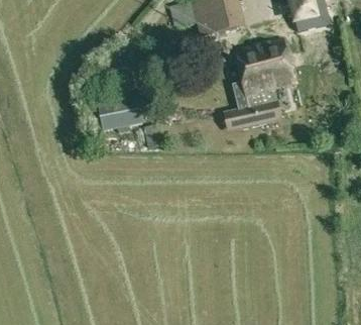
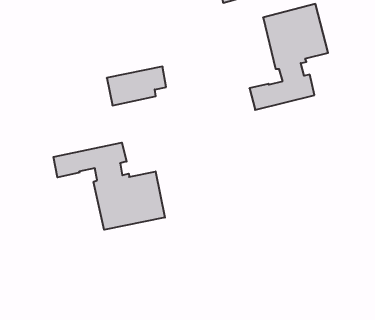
building: none -> [53,143,165,230]

